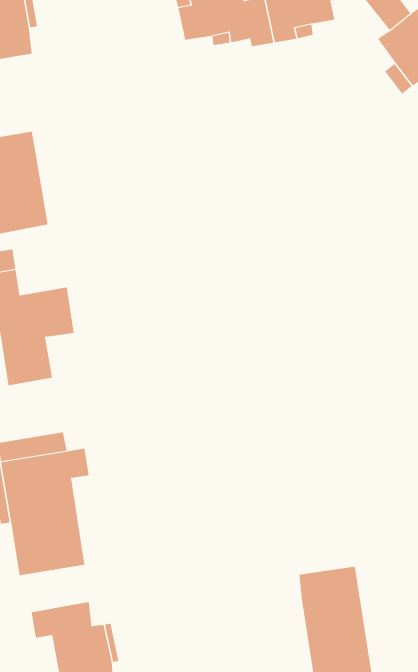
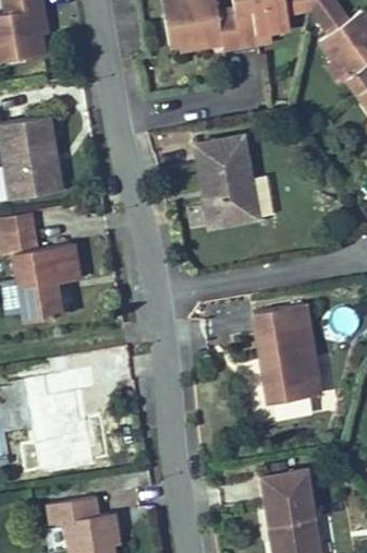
building: none -> [195,132,258,224]
building: none -> [255,304,320,405]

